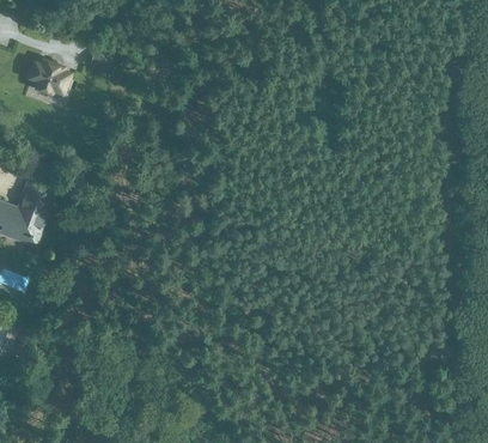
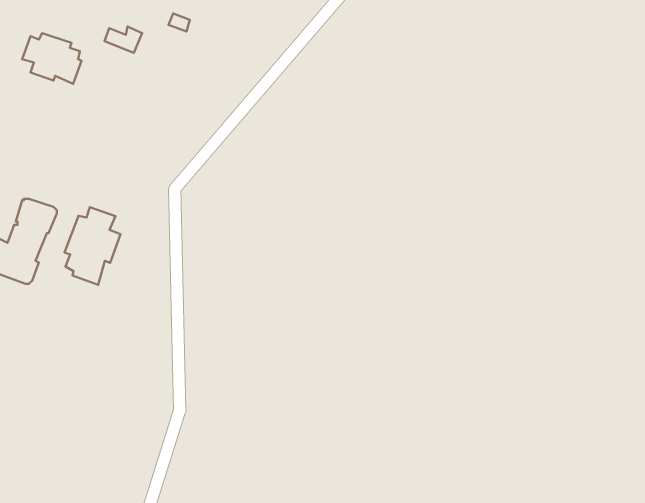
building: none -> [65,207,120,285]

